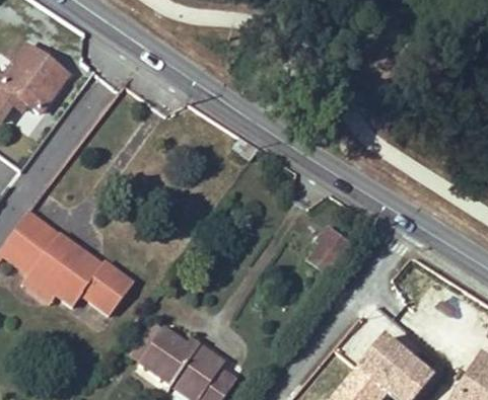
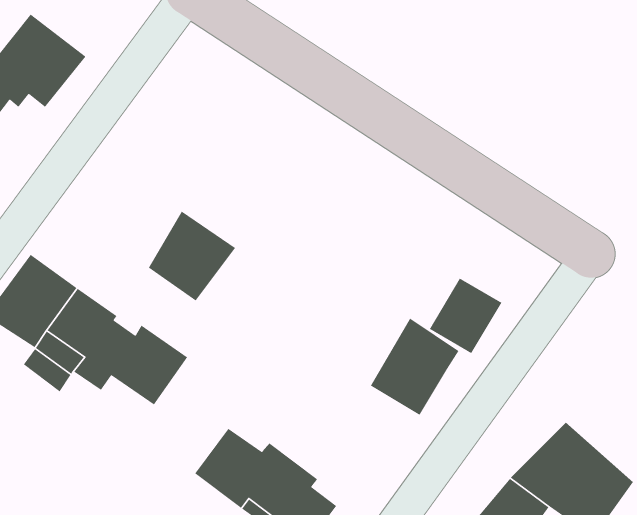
building: none -> [148,210,236,301]
building: none -> [370,318,460,416]

